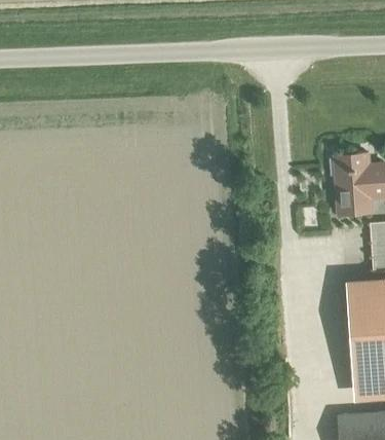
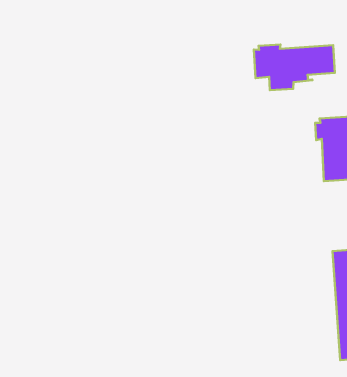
building: none -> [254,44,335,90]

